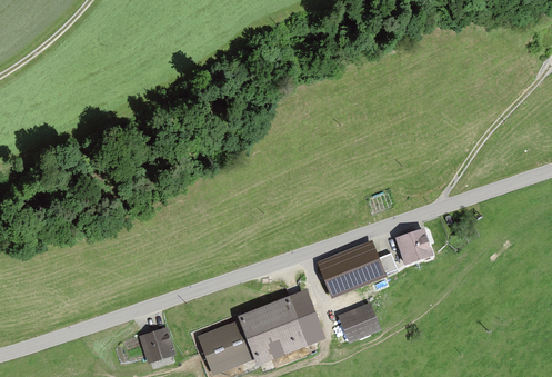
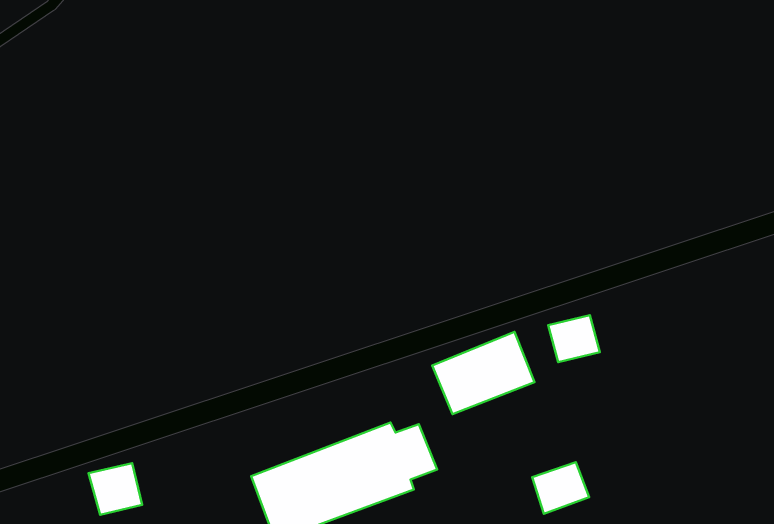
building: [340,307,378,341] -> [532,462,589,514]
building: [139,326,174,360] -> [88,463,142,515]

